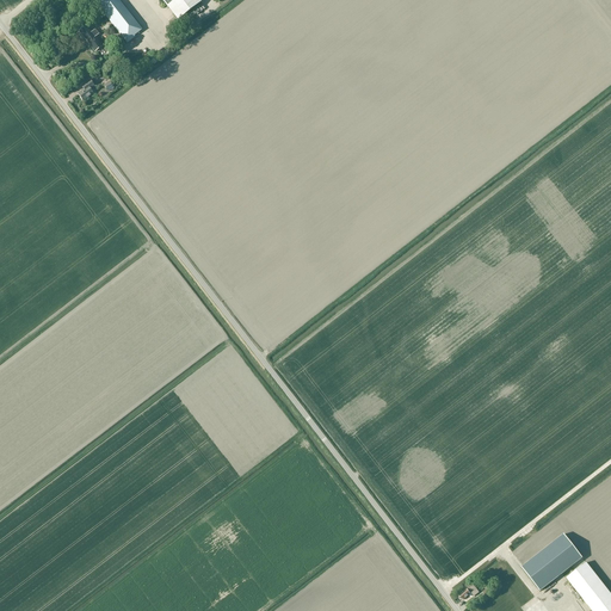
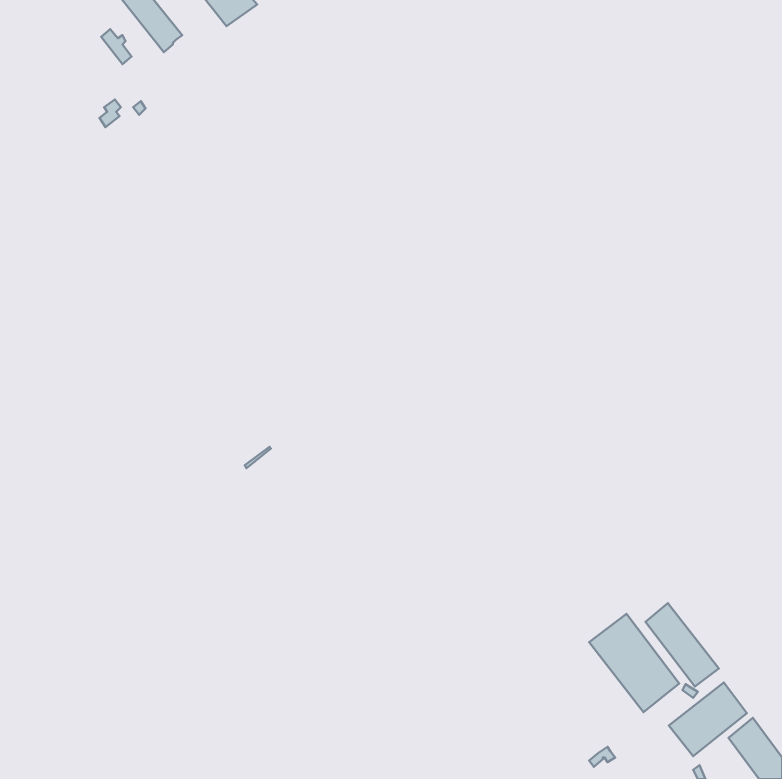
building: none -> [645,603,719,687]
building: none -> [589,614,679,712]

